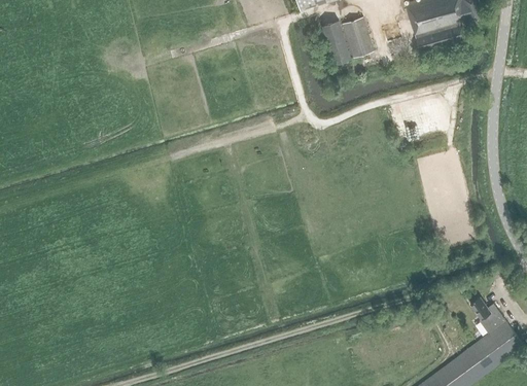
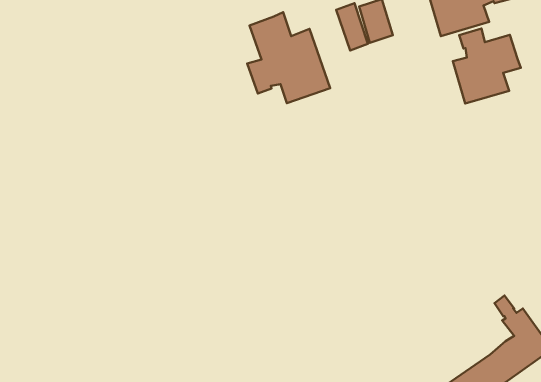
building: none -> [247,12,330,103]
building: none -> [453,28,521,104]

